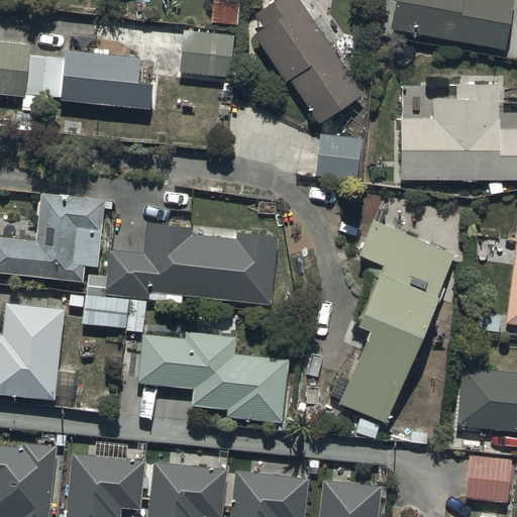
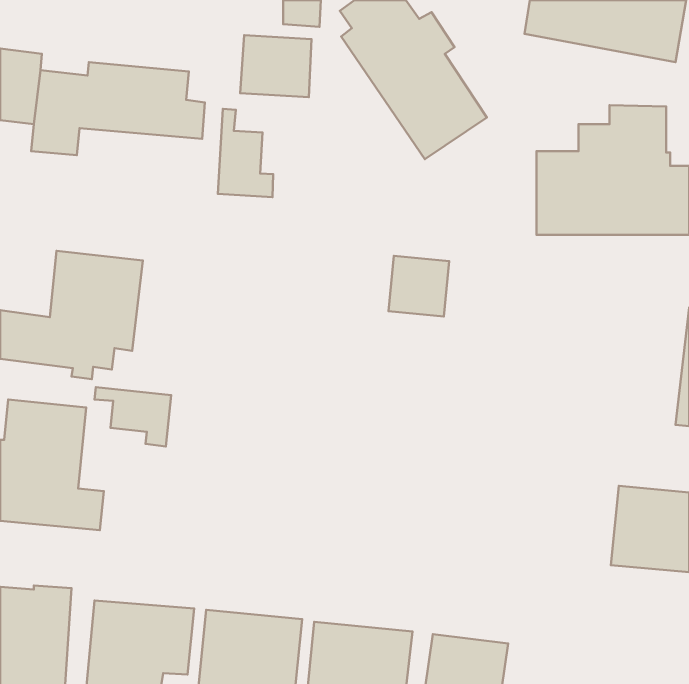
building: none -> [218,109,273,197]
building: [317,134,363,180] -> [388,256,449,317]
building: [339,221,453,423] -> none
building: [105,222,281,304] -> none
building: [138,330,290,422] -> none
building: [466,456,512,504] -> none

